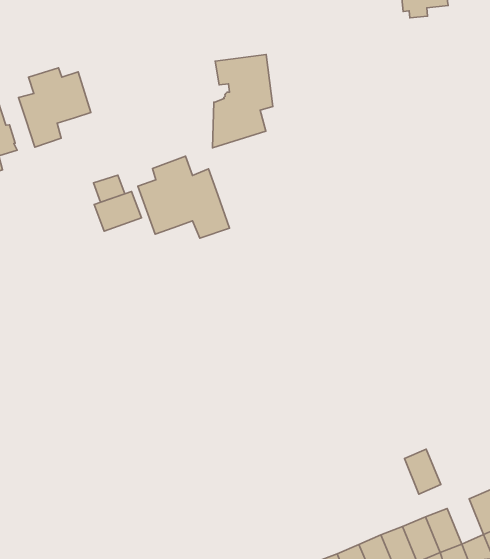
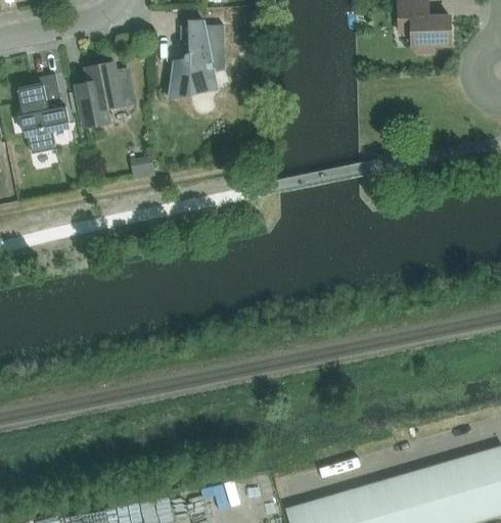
building: [213,55,273,148] -> [170,26,225,100]
building: [138,156,229,238] -> none
building: [94,191,141,231] -> none
building: [404,449,441,494] -> [404,469,432,507]

